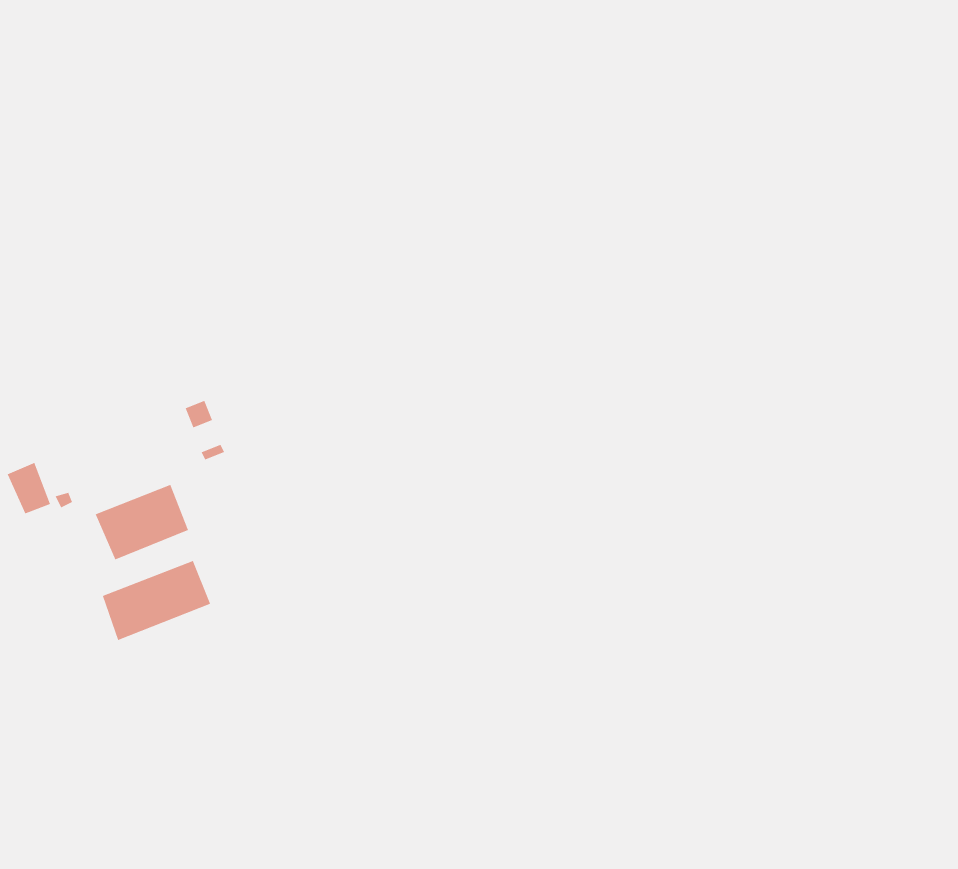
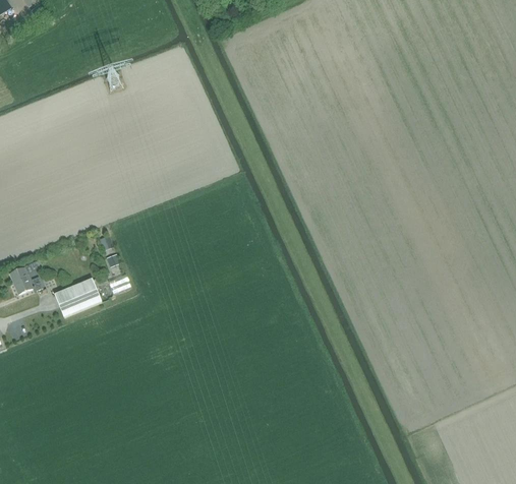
building: [102,560,211,641] -> none

